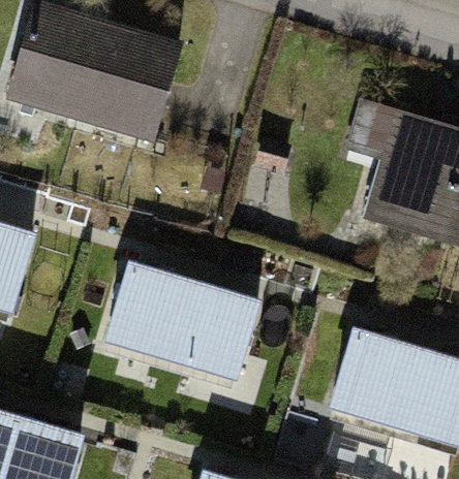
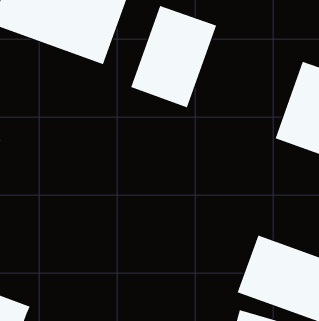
building: none -> [130,5,217,108]
building: [111,265,256,375] -> none

